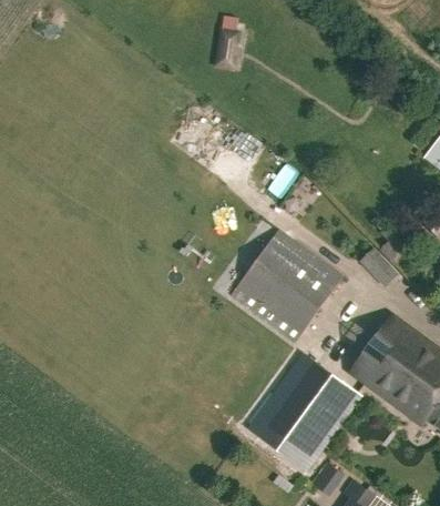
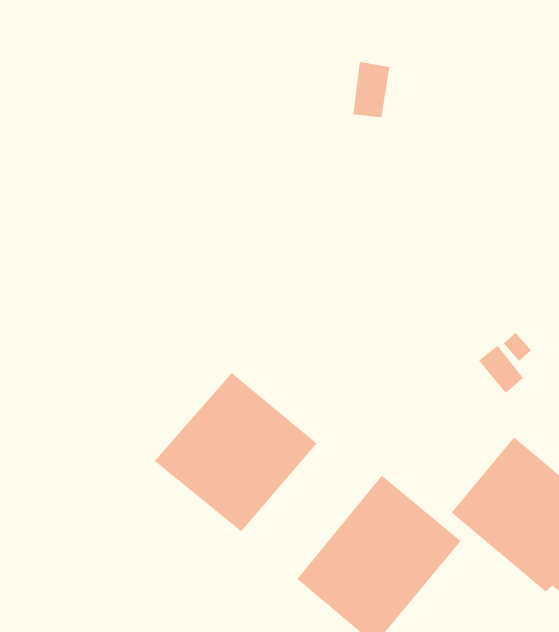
building: [219,30,244,69] -> [353,62,390,118]
building: [227,227,342,341] -> [154,372,318,532]

